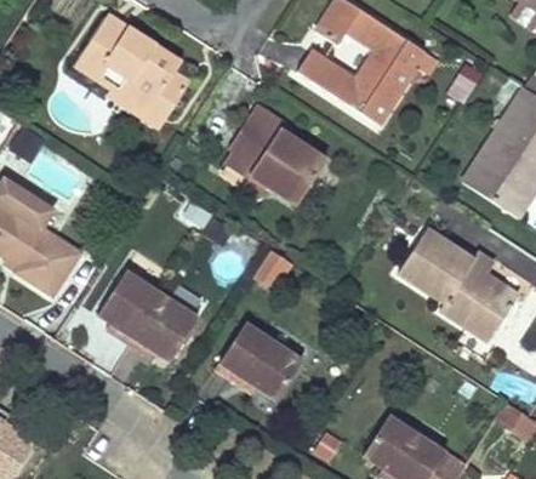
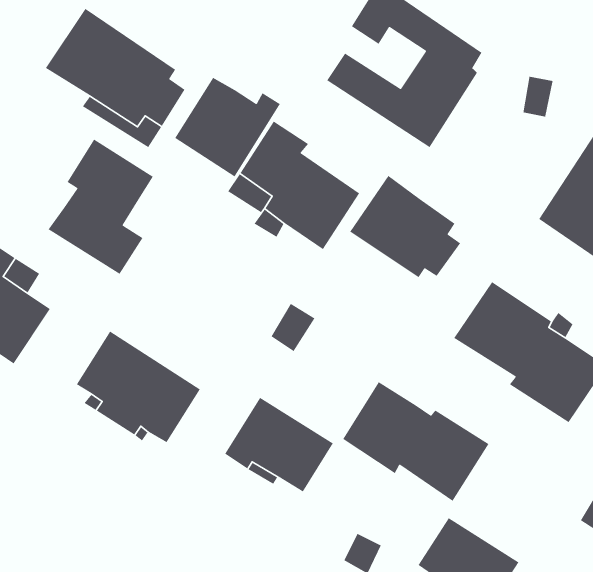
building: none -> [174,77,281,177]
building: none -> [48,138,154,275]
building: none -> [349,175,461,278]
building: none -> [342,381,489,502]

